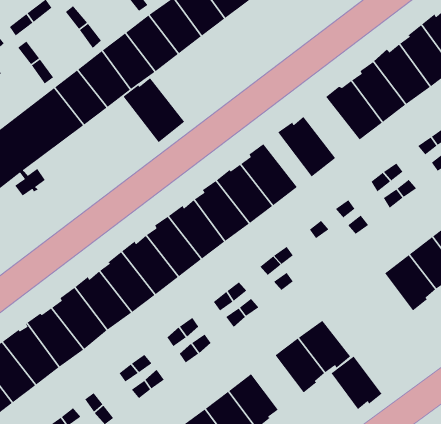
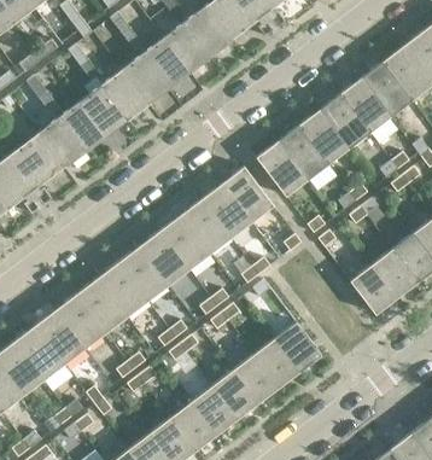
building: [122,77,185,143] -> none
building: none -> [278,126,327,180]
building: [331,356,383,410] -> [232,354,278,402]

